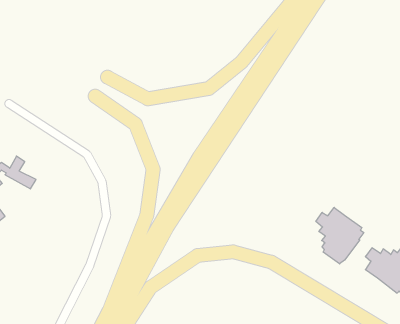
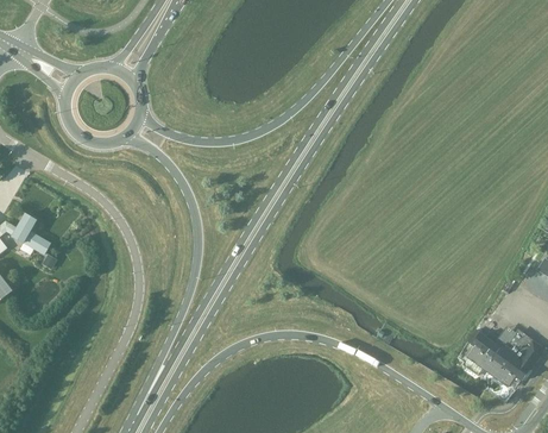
building: [316,207,364,264] -> none

